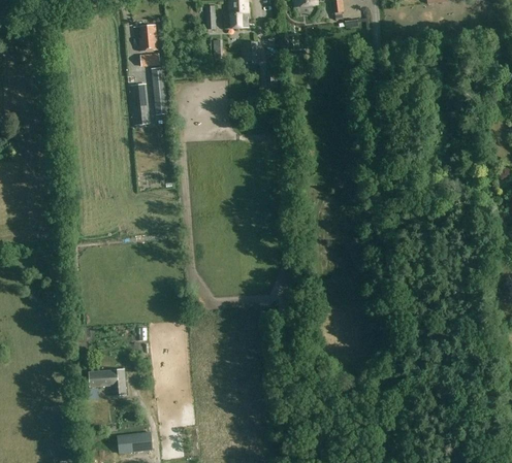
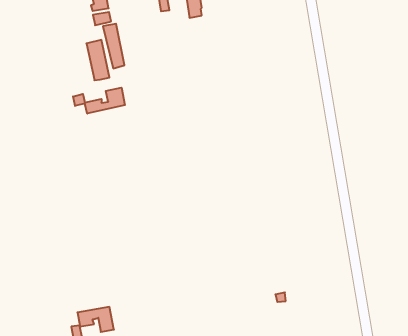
building: none -> [73,88,125,114]

